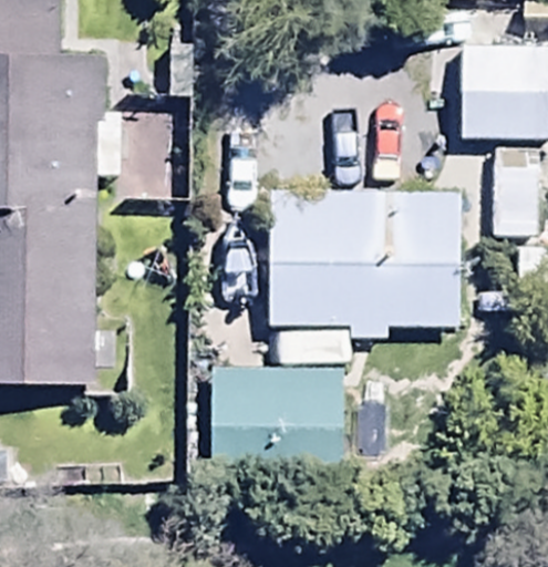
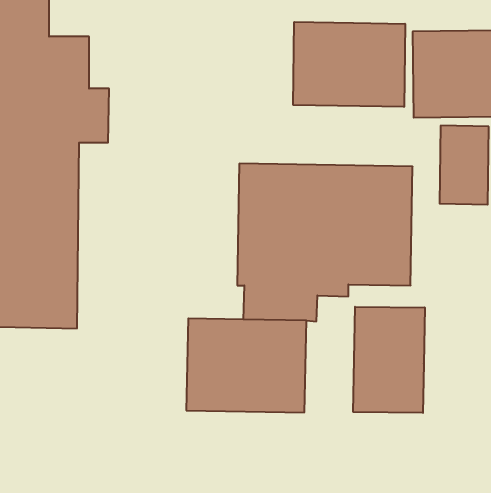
building: none -> [293,22,405,107]
building: none -> [353,307,425,413]

